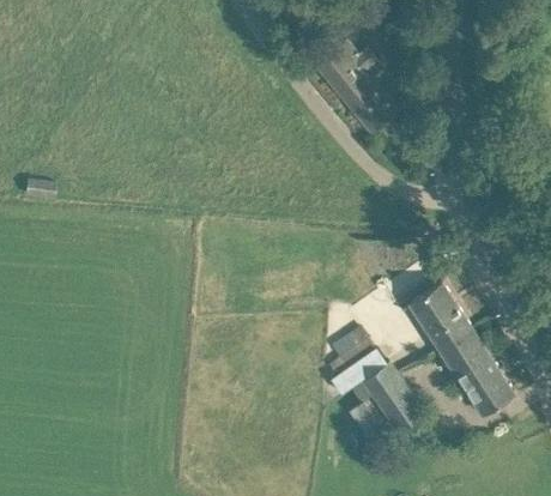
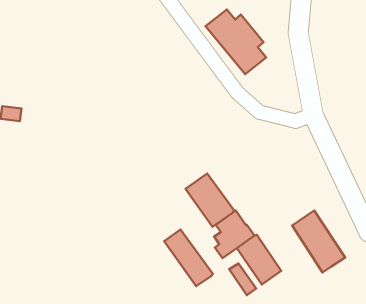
building: none -> [186,173,234,227]
building: [408,282,470,347] -> none
building: none -> [164,229,213,286]

